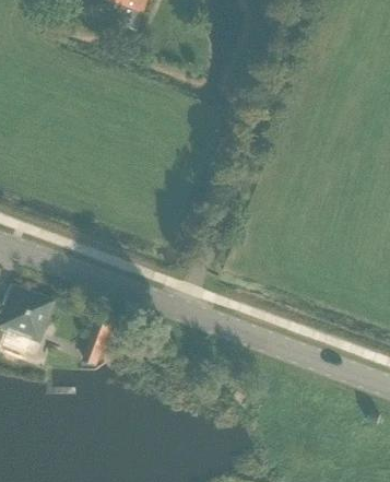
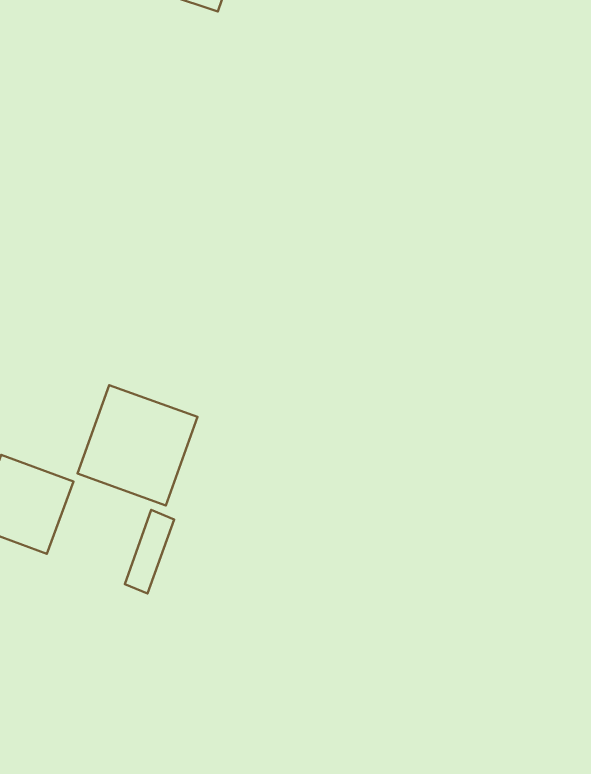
building: none -> [77,385,197,505]

